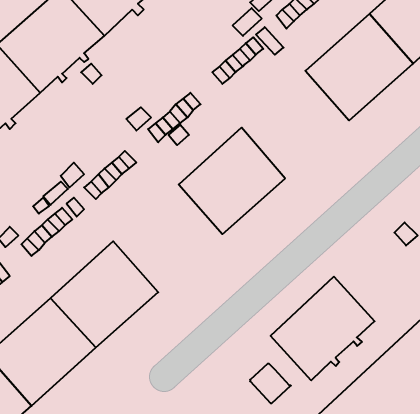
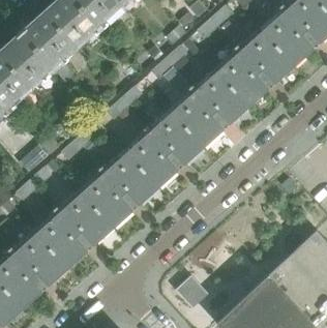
building: none -> [172,71,248,148]
building: none -> [81,152,158,229]
building: [271,277,375,380] -> none

